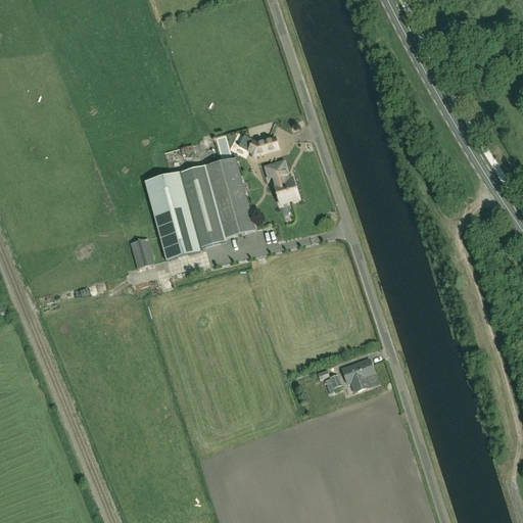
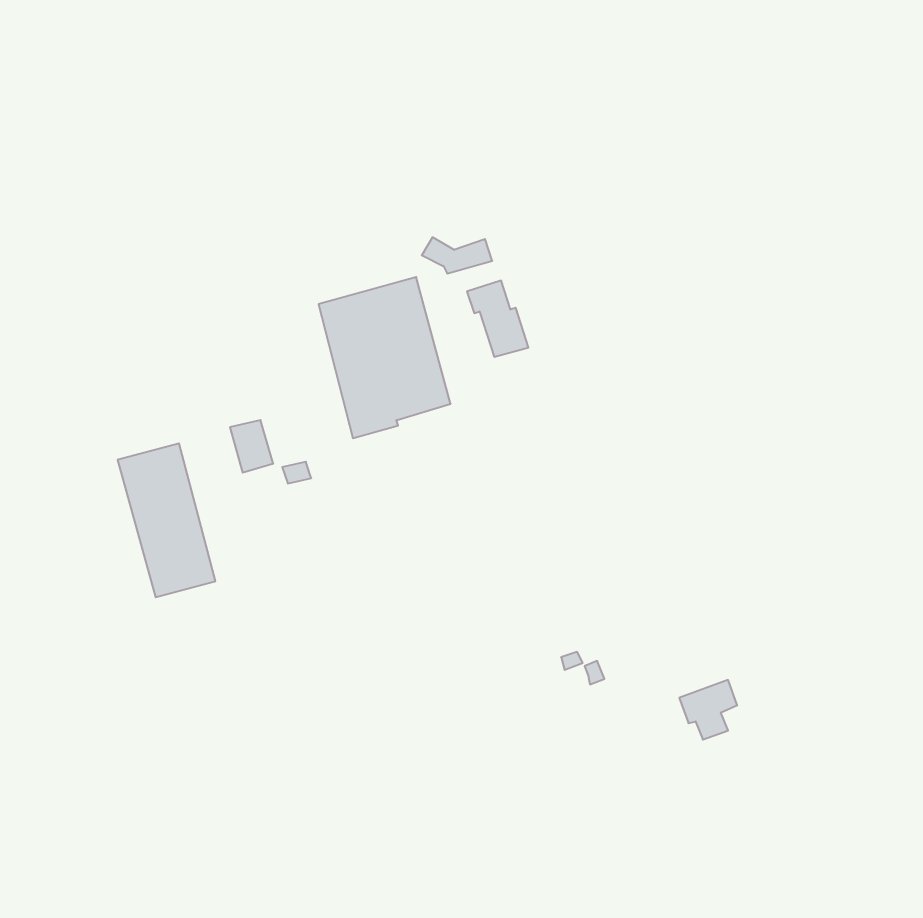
building: [144,172,199,258] -> [118,443,215,597]
building: [341,356,374,390] -> [679,680,737,740]

